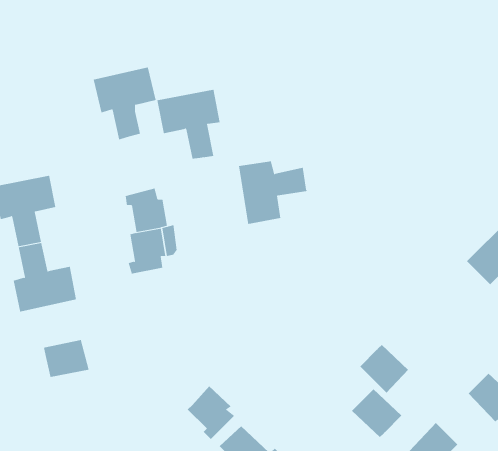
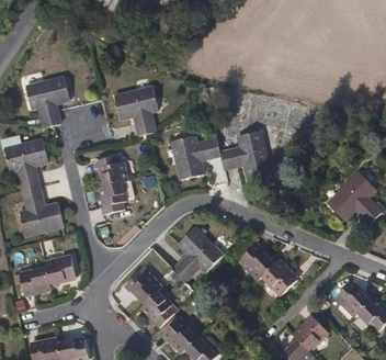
building: [93,67,157,140] -> [30,81,73,132]
building: none -> [222,138,272,182]
building: none -> [170,227,218,280]
building: none -> [16,269,46,295]
building: none -> [121,270,158,303]
building: [351,389,402,438] -> [235,246,270,280]

